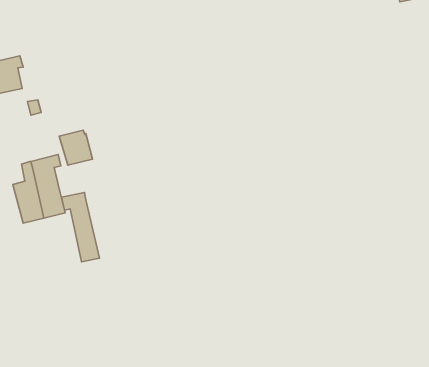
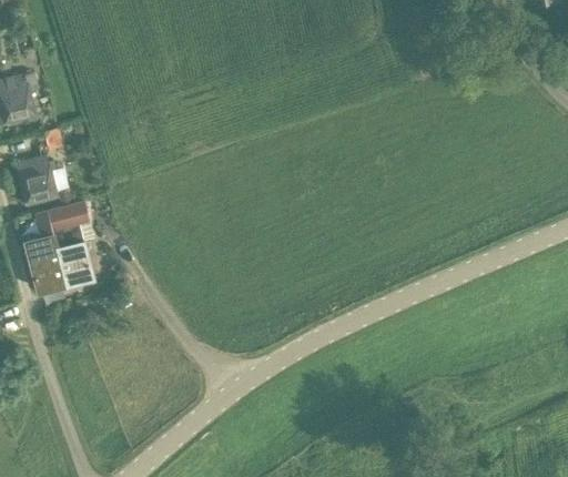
building: [59,130,93,165] -> [14,156,58,202]
building: [62,193,100,262] -> none

